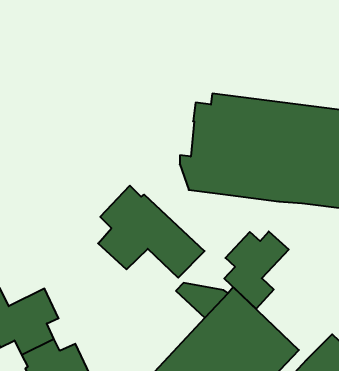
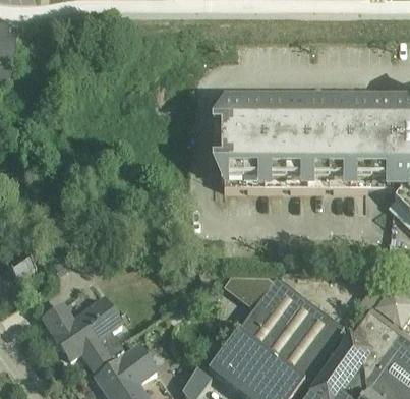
building: [98,186,205,278] -> none
building: [224,231,289,309] -> none

